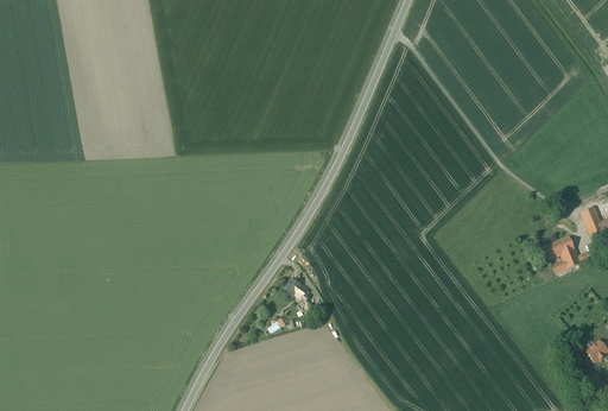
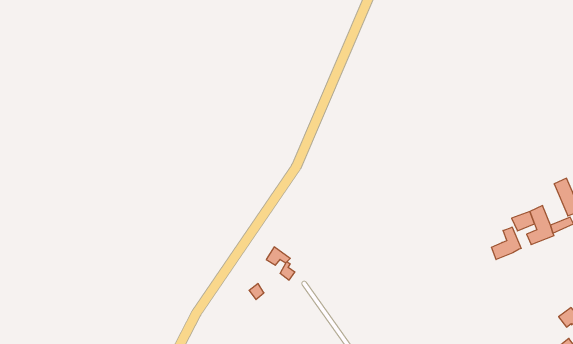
building: none -> [492,227,521,260]

